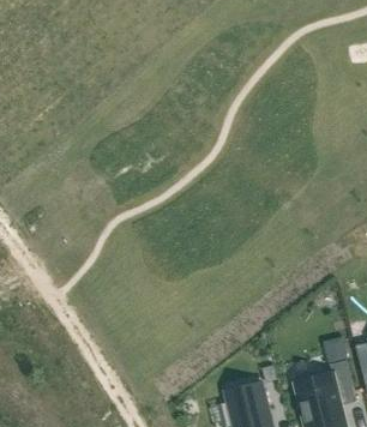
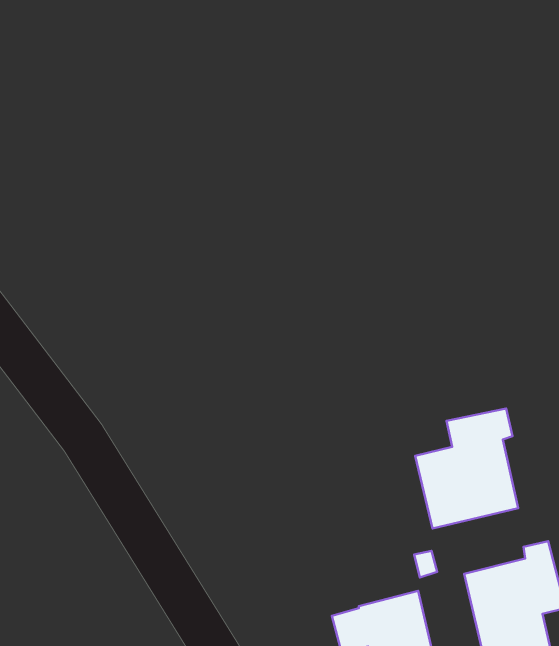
building: none -> [415,409,518,528]

